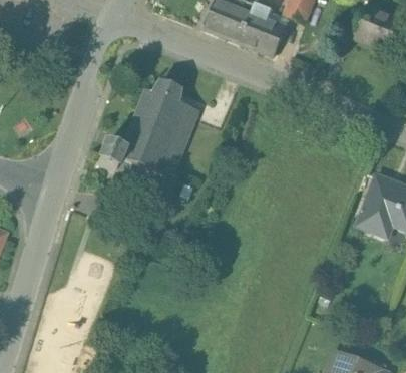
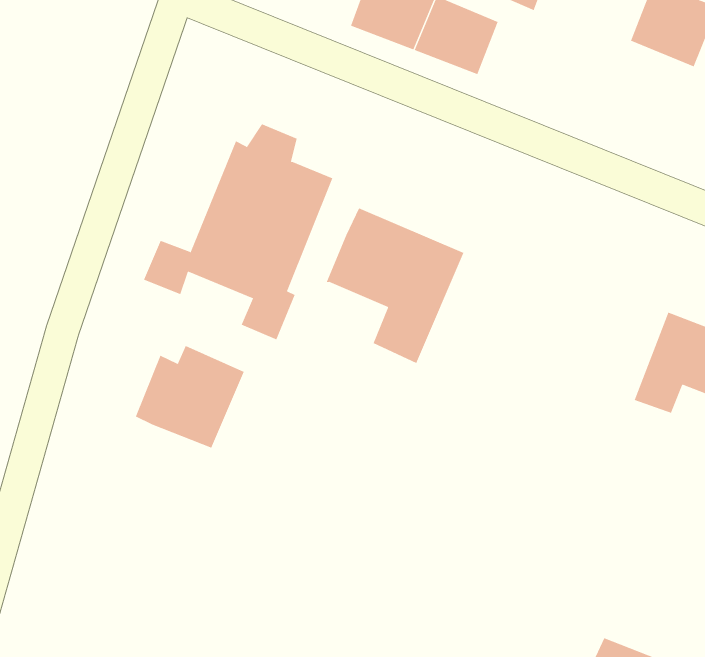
building: none -> [326,207,464,364]
building: none -> [135,345,244,448]

